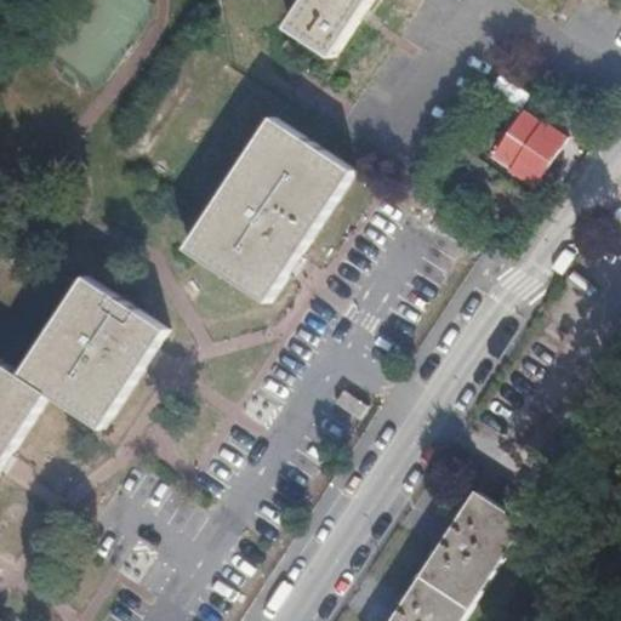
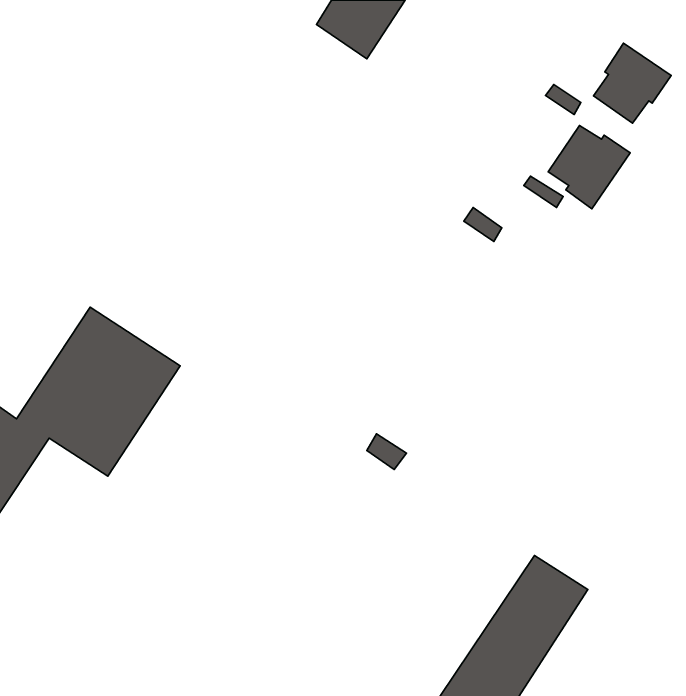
building: none -> [593,43,671,123]
building: [183,116,348,297] -> none

